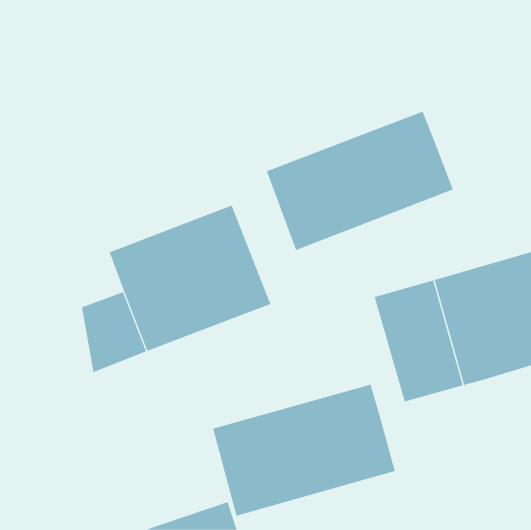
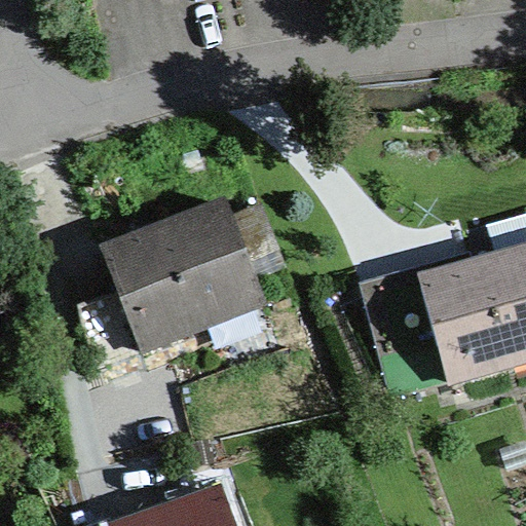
building: [266,111,453,251] -> none
building: [212,384,396,516] -> none

